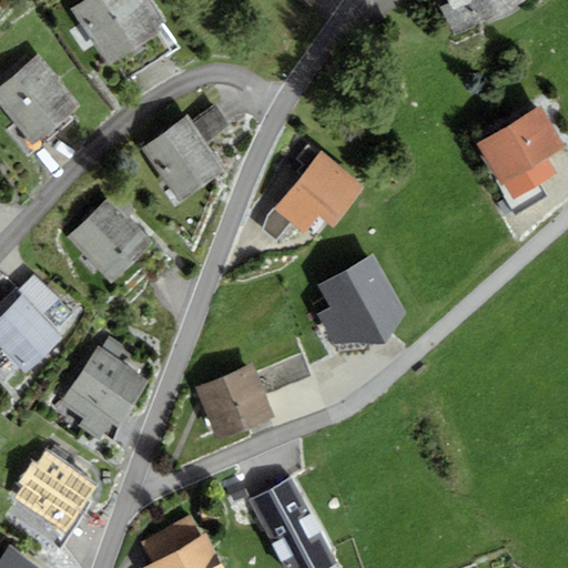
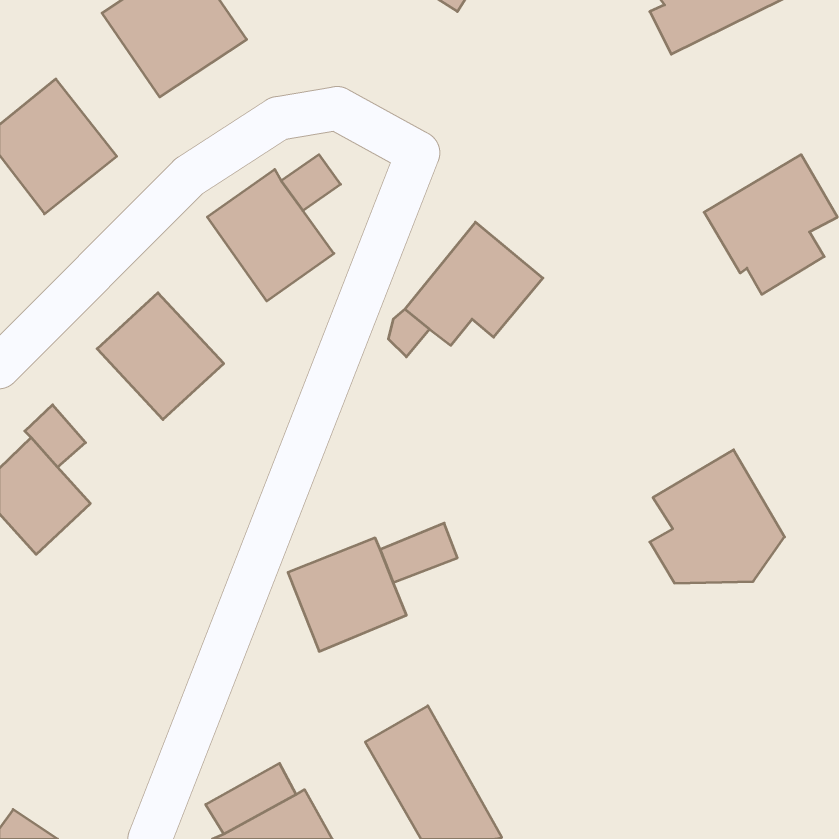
building: [315,254,406,344] -> [650,450,785,583]
building: [60,336,149,439] -> none
building: [12,449,97,532] -> none

